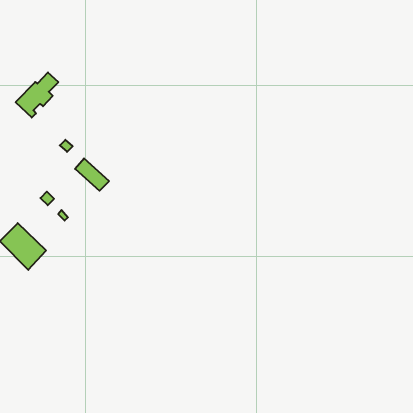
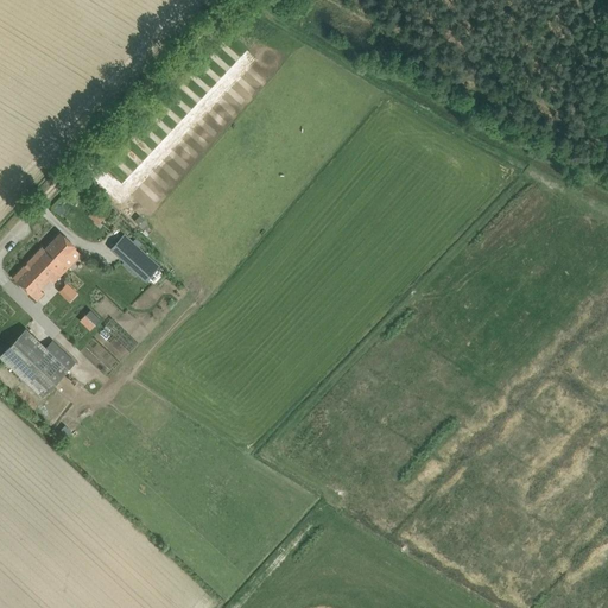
building: [16,72,58,118] -> [13,233,76,299]

